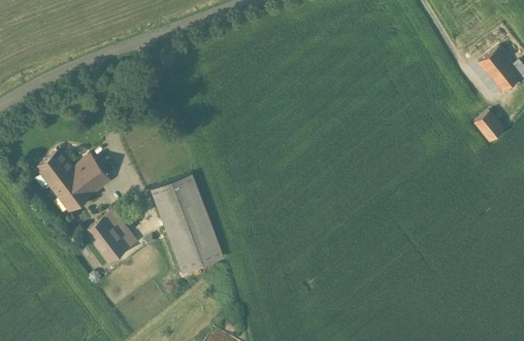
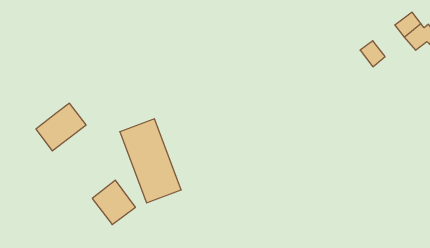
building: [474,111,504,142] -> [360,41,385,67]
building: [37,149,74,185] -> none
building: [85,210,136,263] -> [92,180,135,225]

